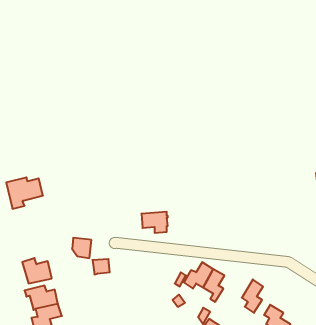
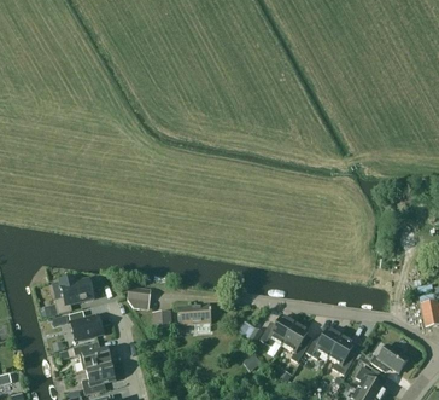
building: [6,177,43,209] -> [51,277,94,314]
building: [141,212,168,233] -> [180,306,211,331]
building: none -> [306,329,343,360]
building: none -> [370,344,409,373]

